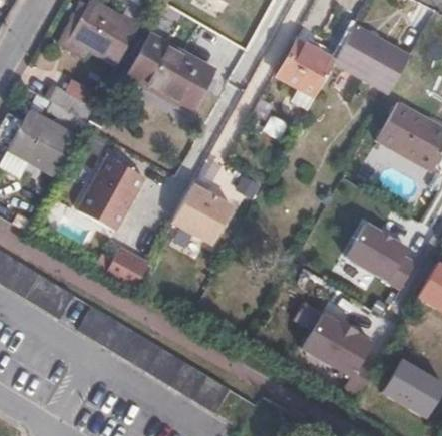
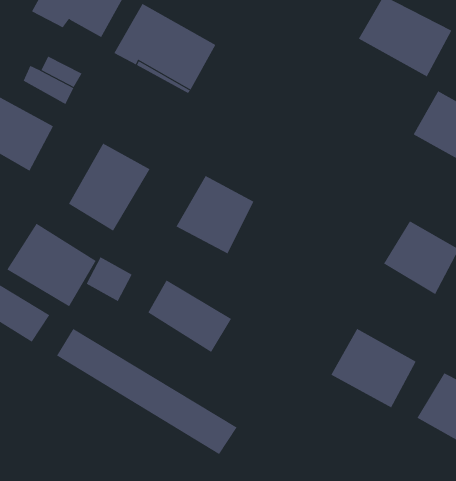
building: [276,40,331,95] -> none
building: none -> [6,223,97,307]
building: none -> [148,280,232,353]

